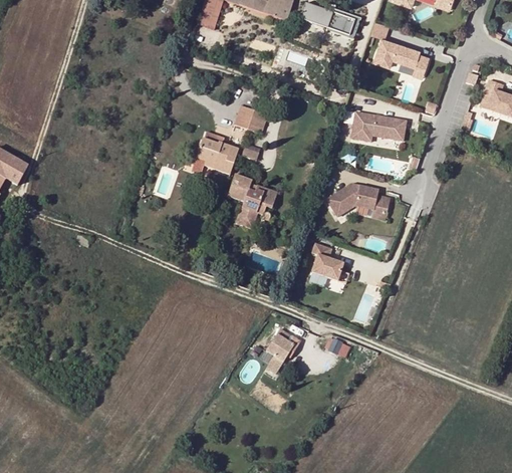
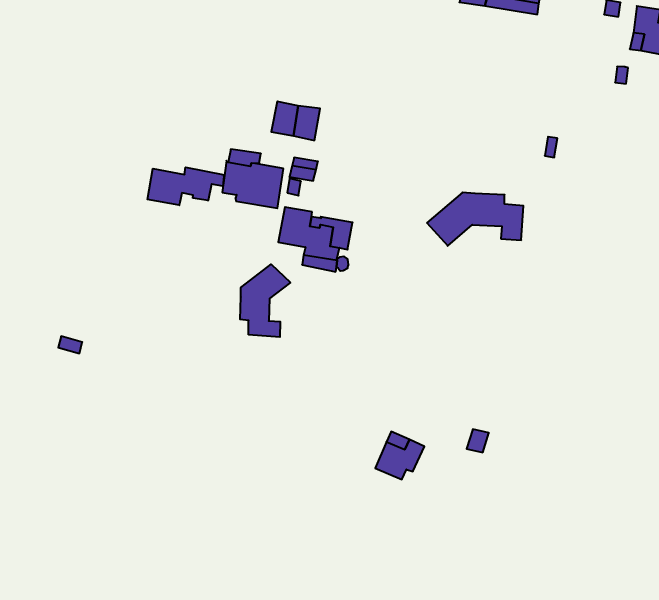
building: [350,111,406,141] -> none
building: none -> [147,167,225,205]
building: none -> [240,264,290,337]
building: [311,243,342,280] -> none

